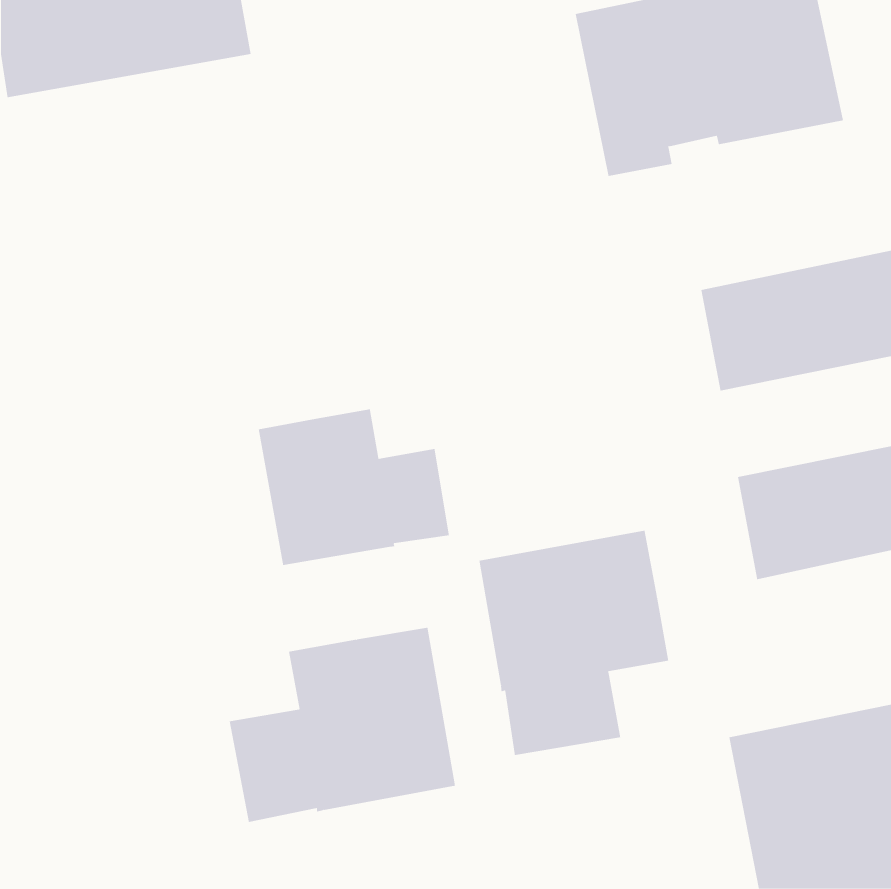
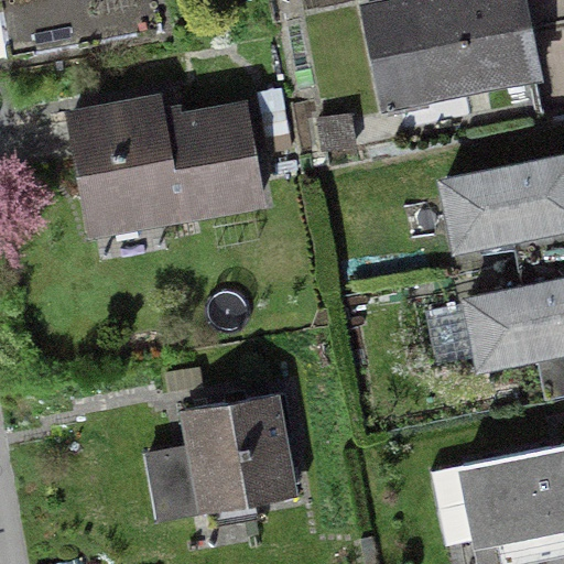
building: none -> [68,101,258,231]
building: [258,409,450,566] -> none
building: [479,530,669,756] -> none

